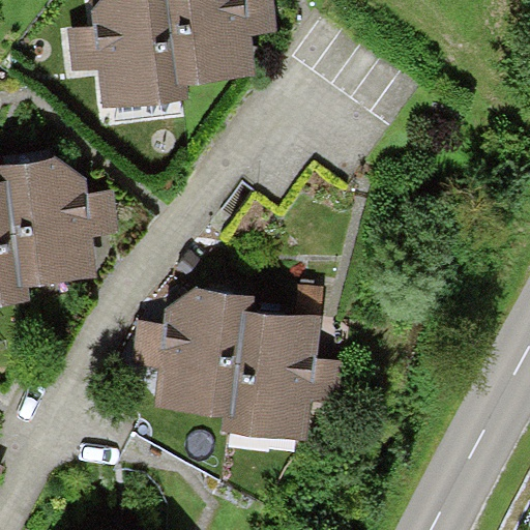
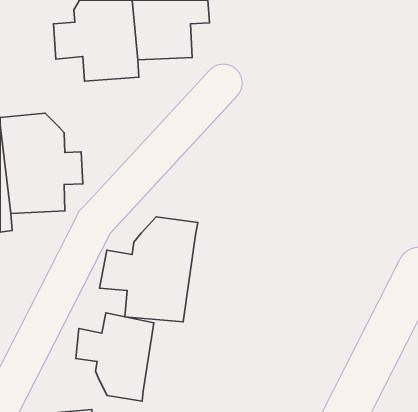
building: [231,305,341,438] -> none
building: none -> [76,313,154,401]

